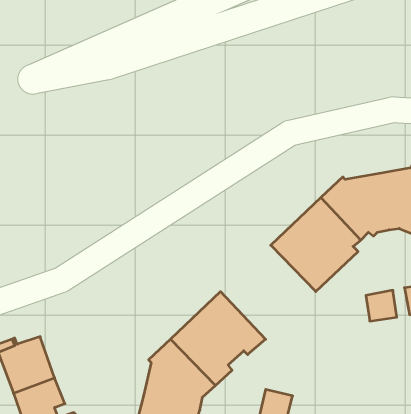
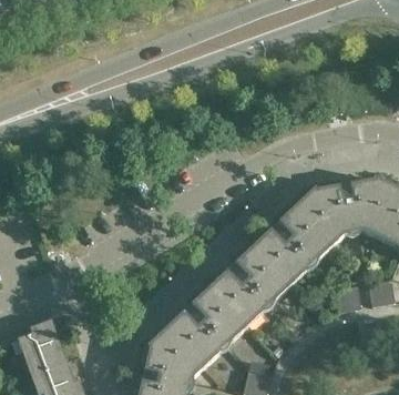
building: none -> [208,246,290,327]

